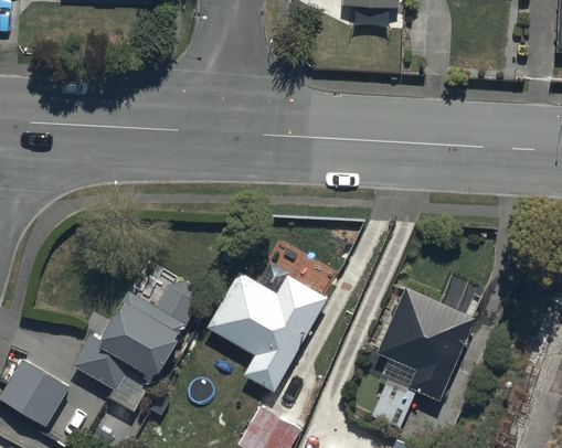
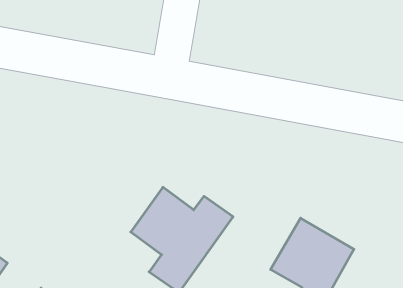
building: [72,277,204,393] -> none

